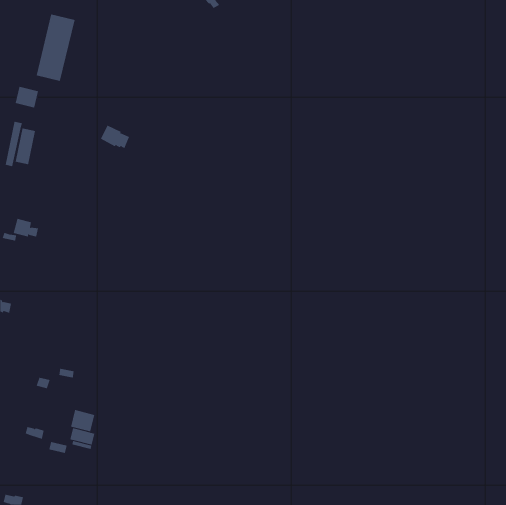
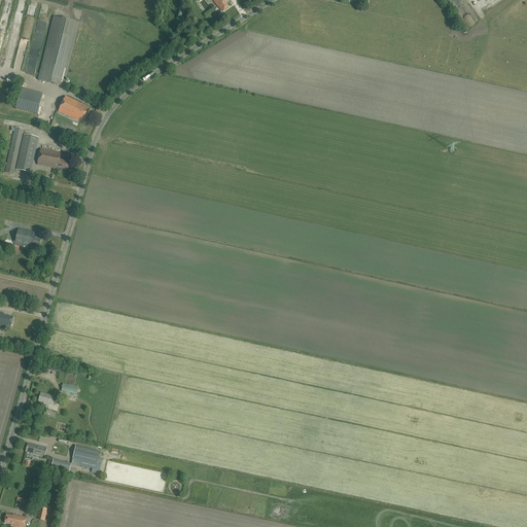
building: [100,125,130,149] -> [58,95,89,119]
building: none -> [37,146,69,170]
building: [70,409,95,432] -> none

